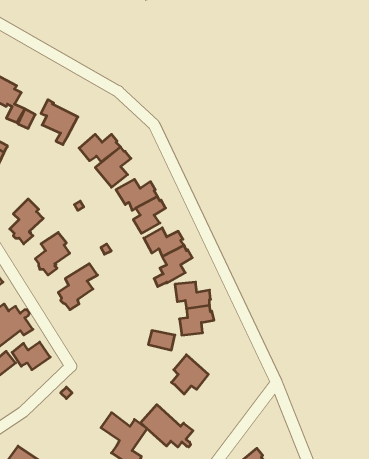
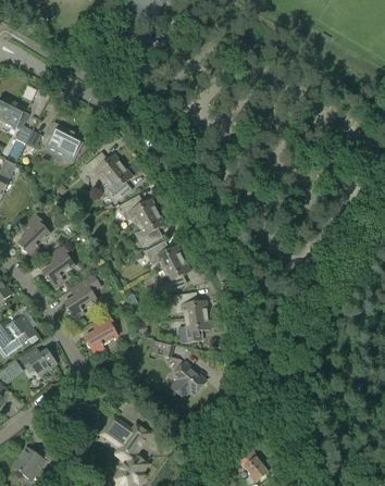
building: none -> [85,315,117,354]
building: [141,405,193,447] -> none

